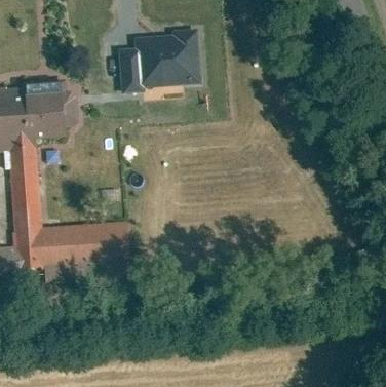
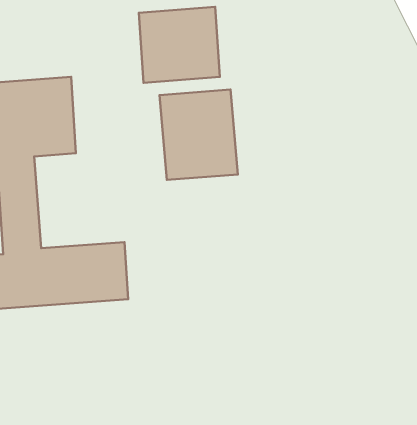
building: none -> [159,89,238,180]

